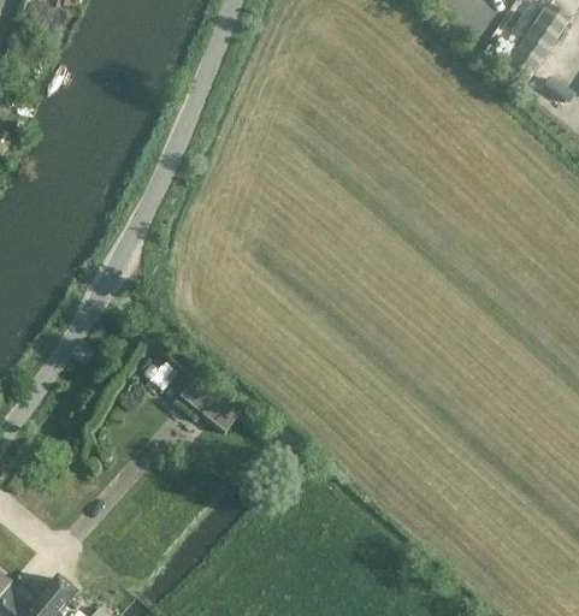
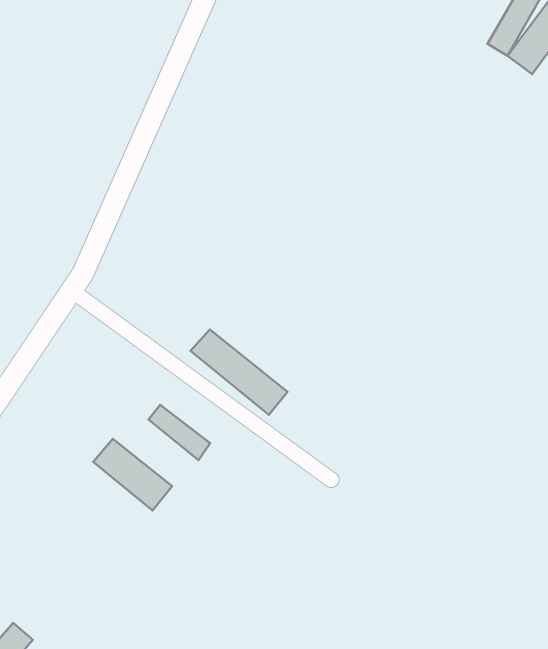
building: none -> [191,329,287,415]
building: none -> [93,439,172,510]

